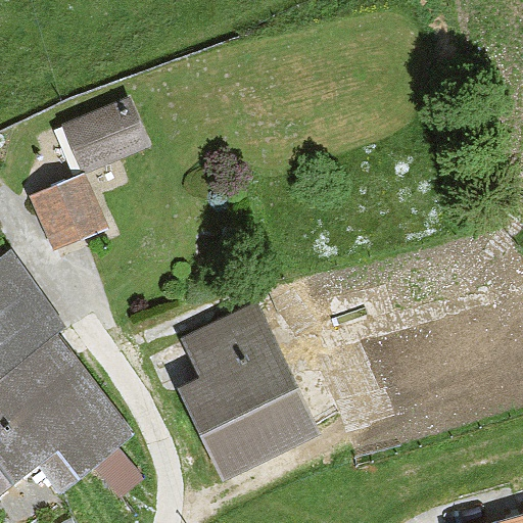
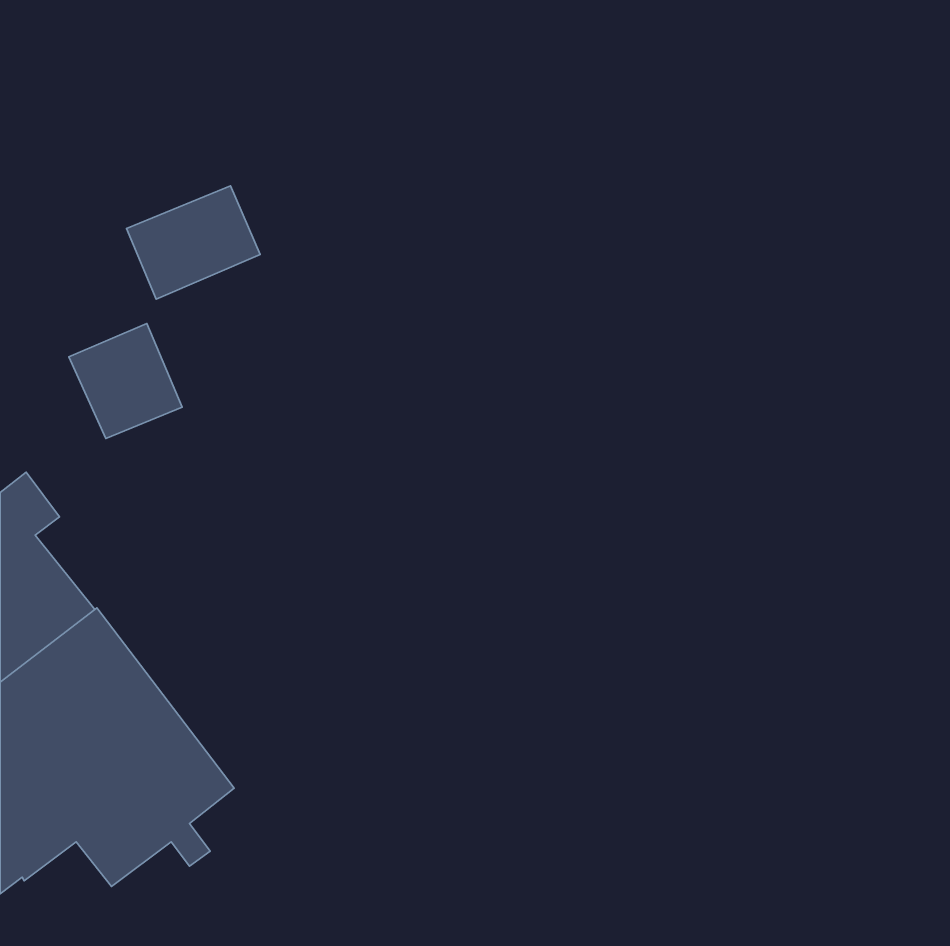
building: [189,310,310,466] -> none

